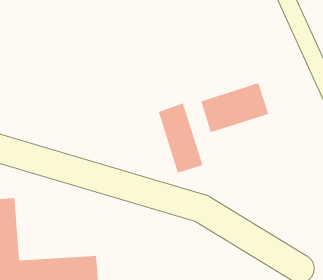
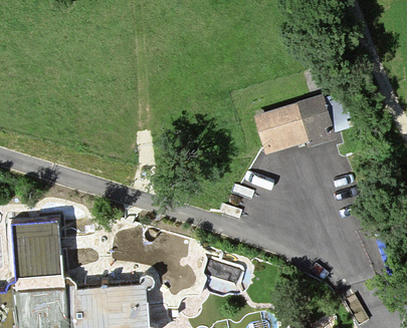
building: [158,103,203,174] -> none

